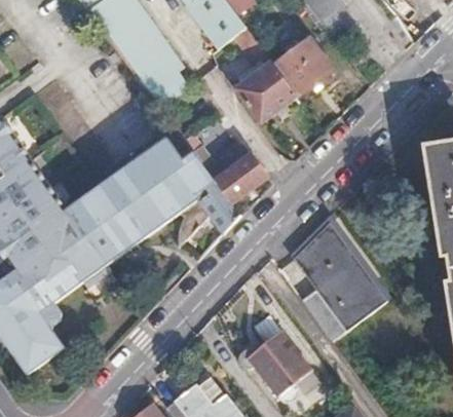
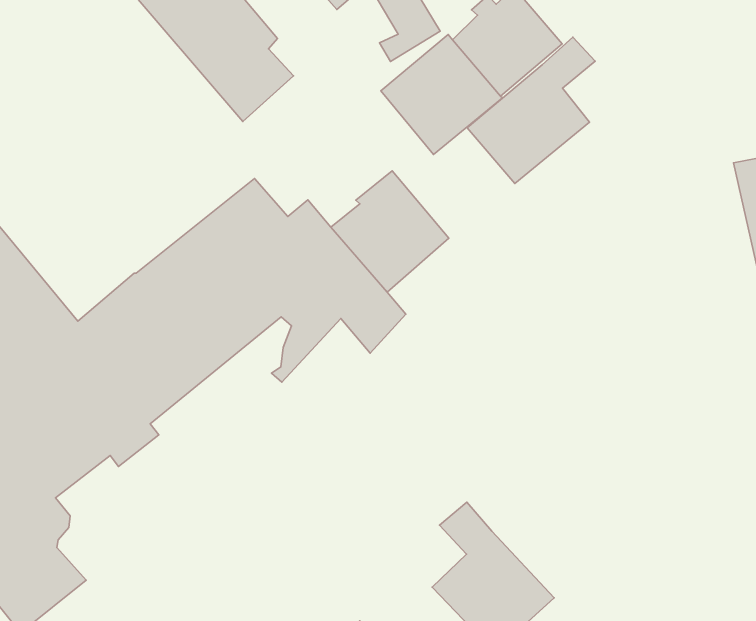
building: none -> [467,37,595,183]
building: [287,223,387,342] -> none

